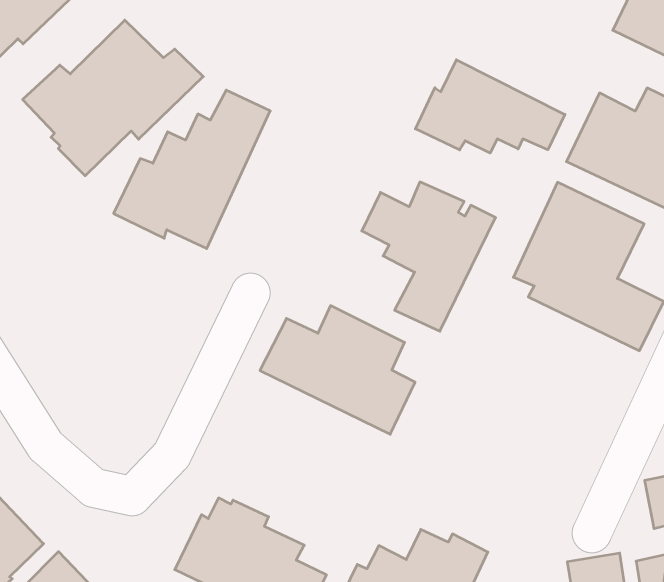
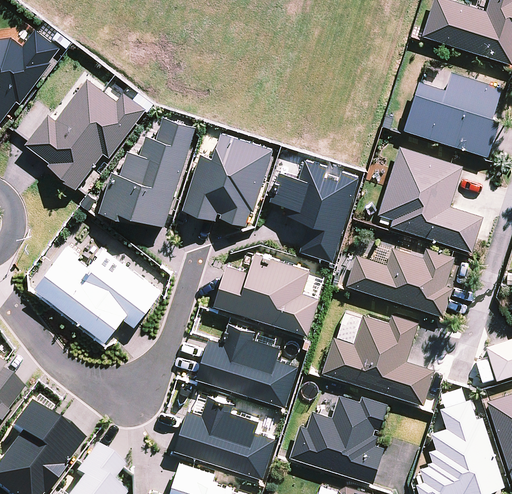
building: [415,60,565,153] -> none
building: none -> [182,132,272,225]
building: none -> [34,244,160,340]
building: none -> [345,249,453,318]
building: none -> [195,322,298,406]
building: none -> [321,316,434,406]

